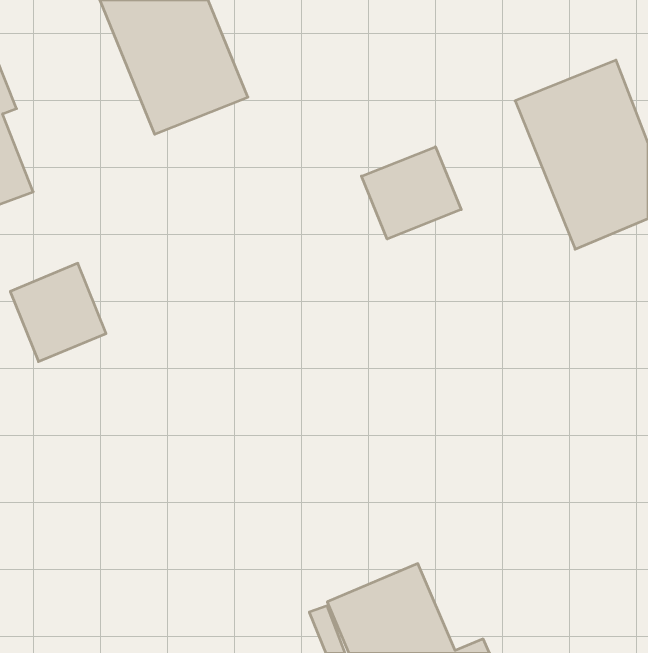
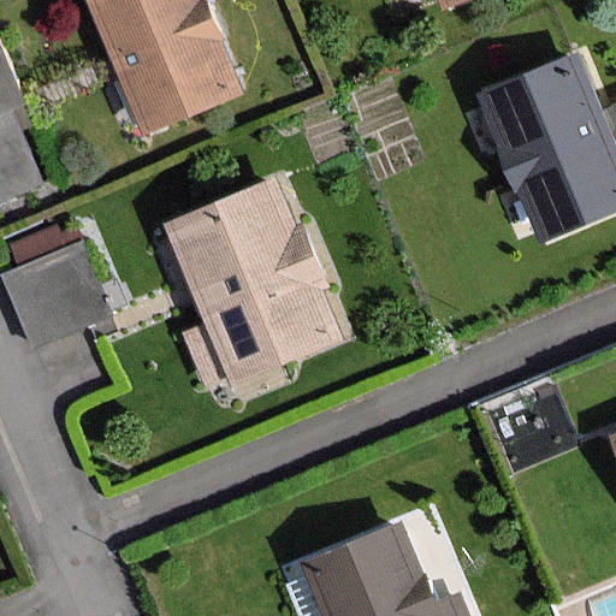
building: [361,147,461,239] -> none
building: none -> [170,184,337,379]

